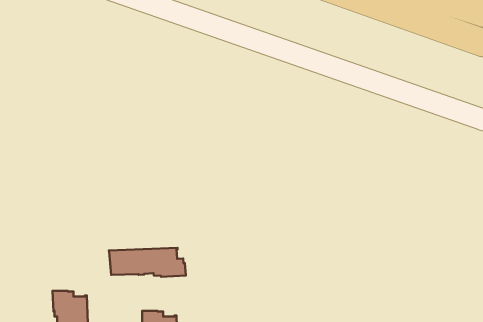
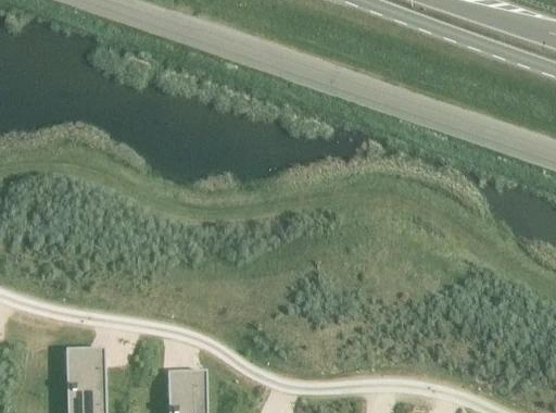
building: [109,248,186,277] -> none

